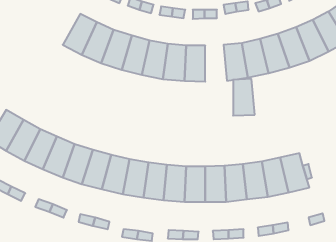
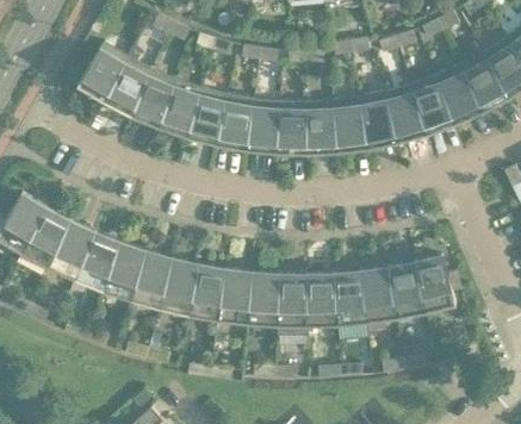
building: none -> [76,43,128,101]
building: [233,79,255,116] -> [306,101,337,154]

